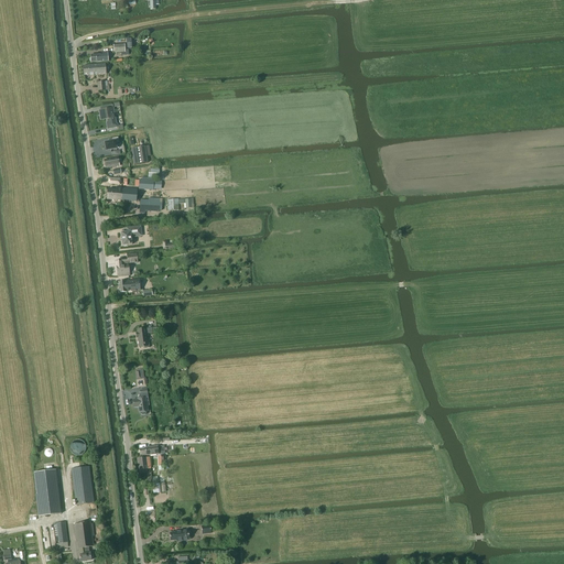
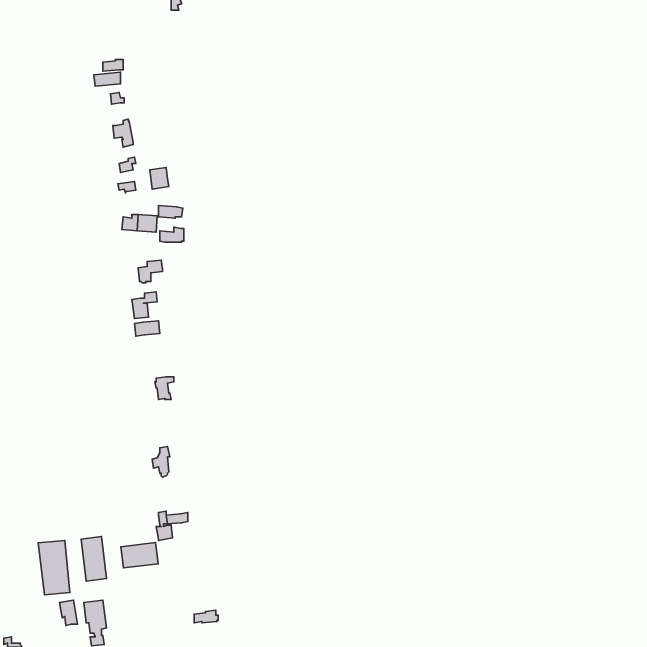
building: none -> [121,543,158,568]

